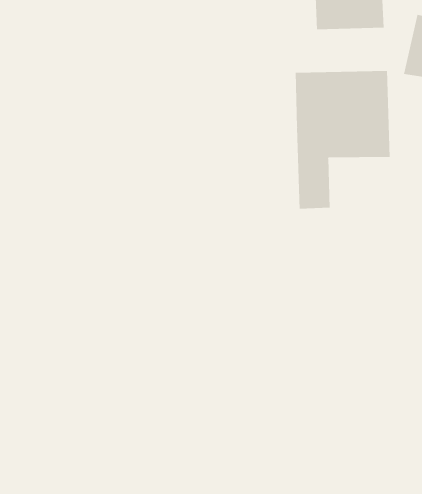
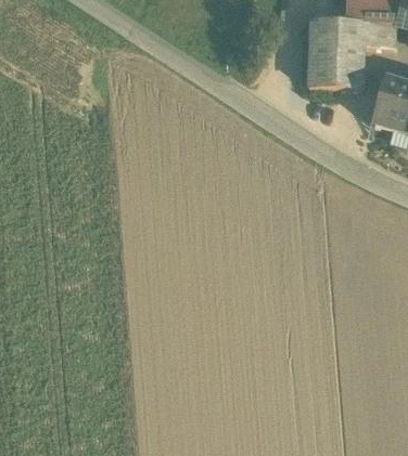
building: [295,70,390,210] -> none

